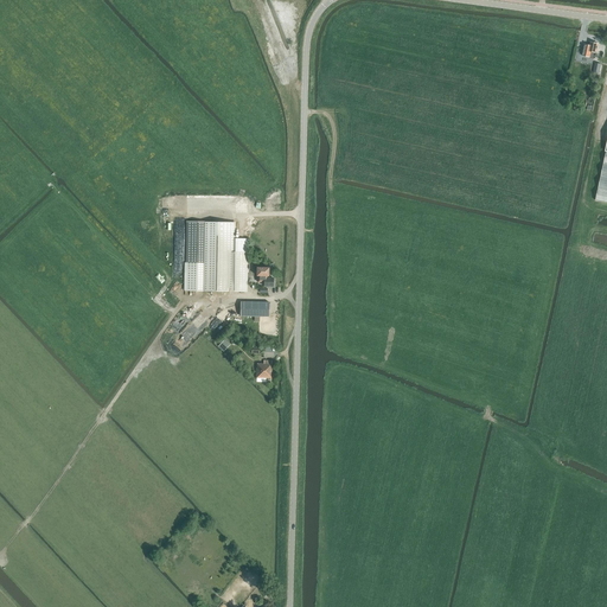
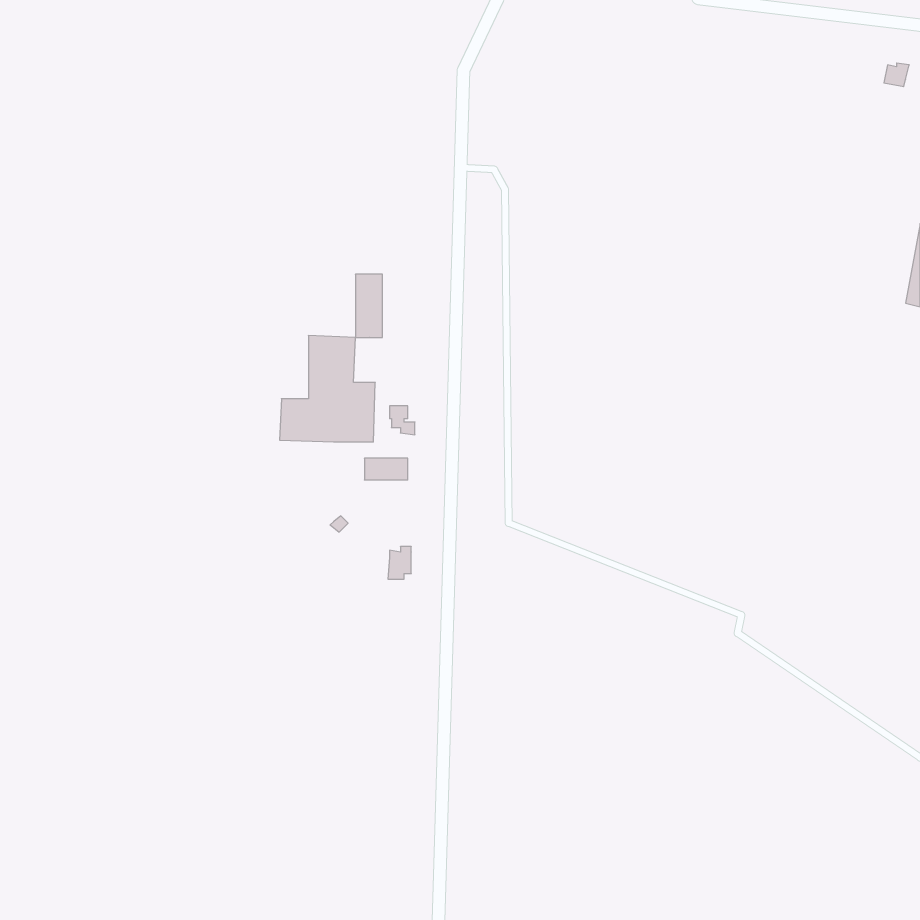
building: [185,221,203,262] -> [355,274,382,337]

